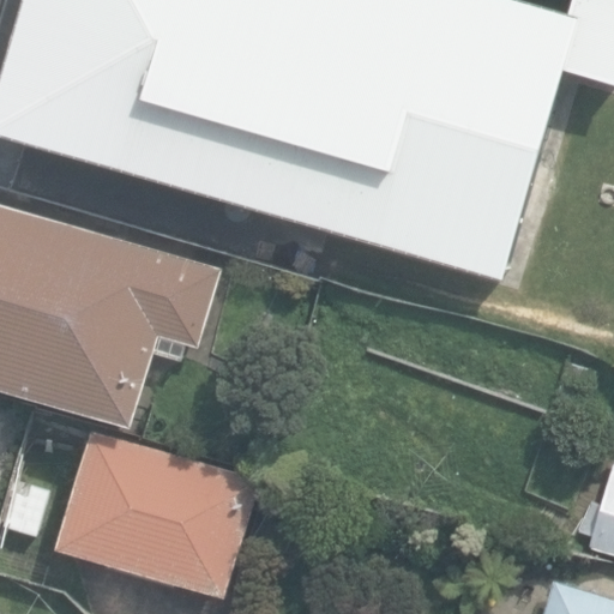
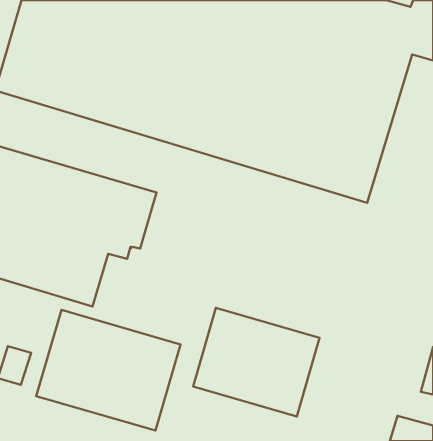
building: none -> [193,308,319,417]

